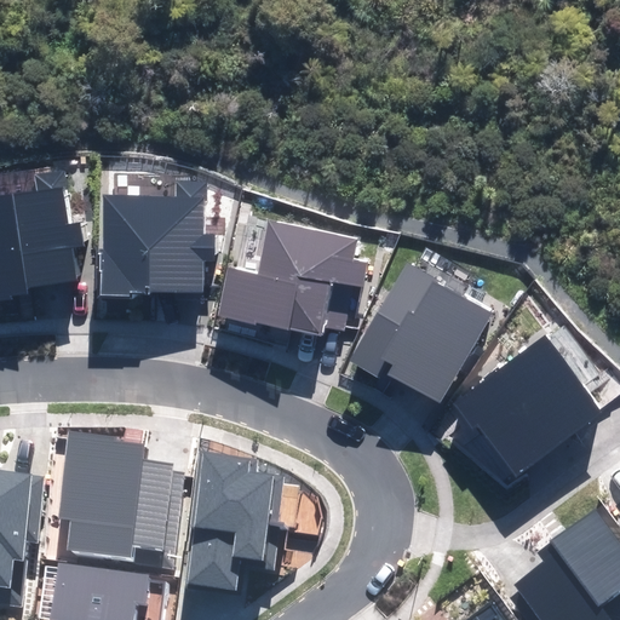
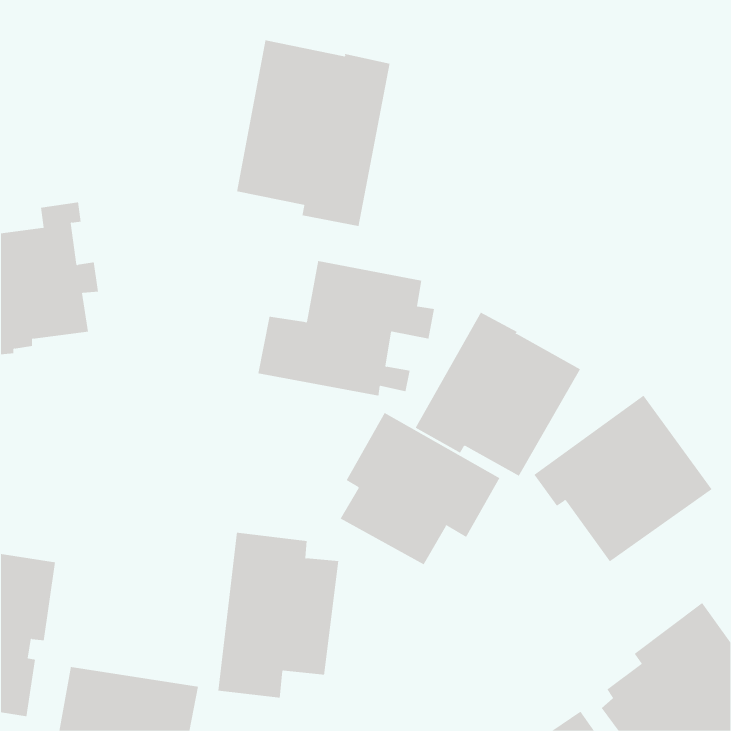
building: none -> [237,40,390,227]
building: [99,182,216,297] -> none
building: none -> [340,412,500,565]
building: [57,430,186,568] -> none

